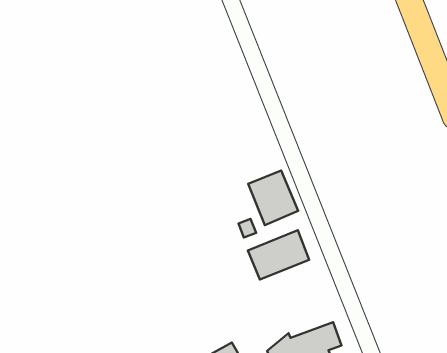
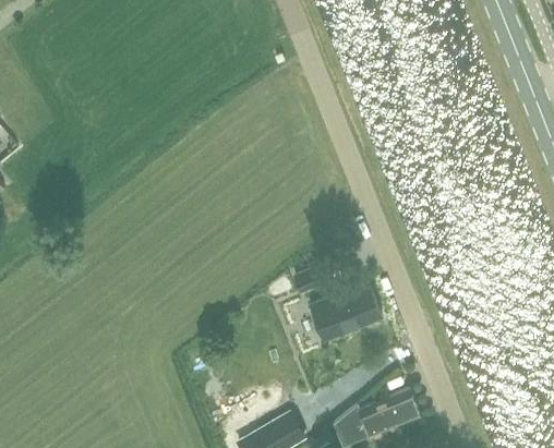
building: [248,171,298,225] -> none

